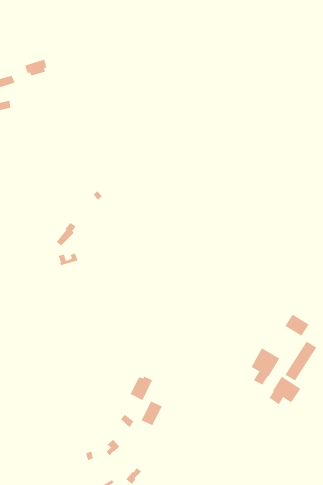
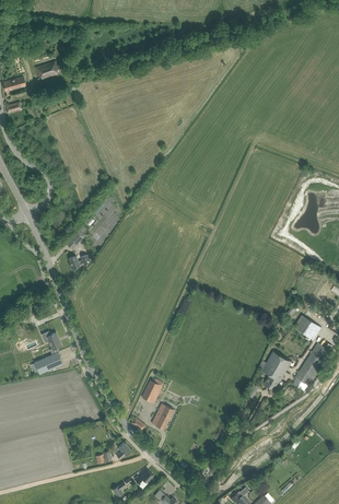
building: none -> [33,331,62,375]
building: [269,376,301,405] -> none

